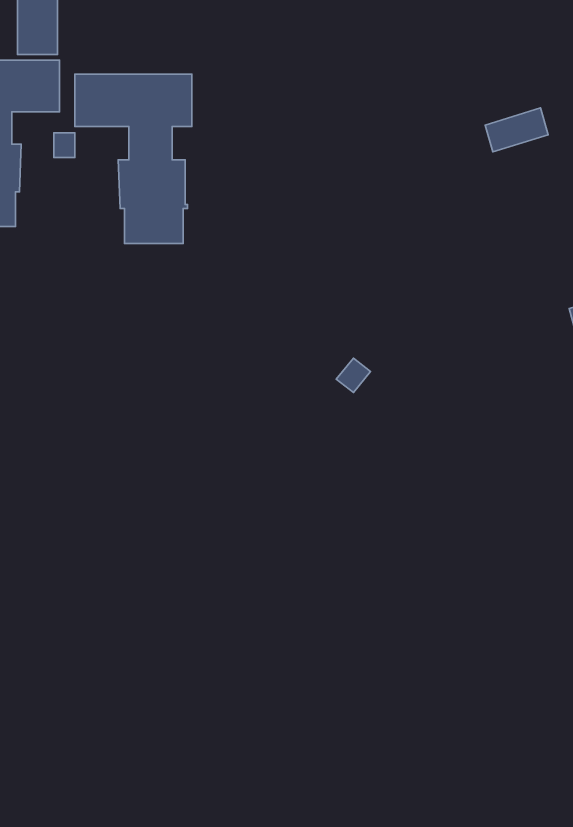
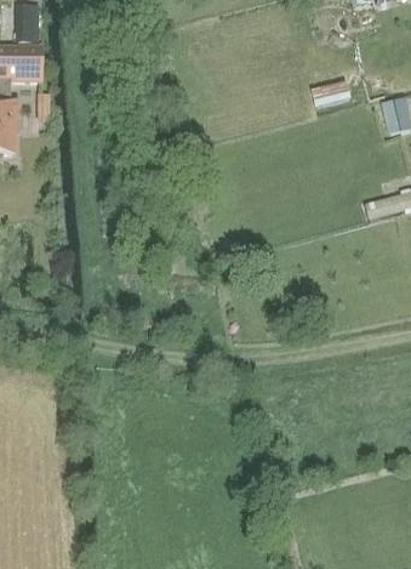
building: [75,74,192,243] -> none

